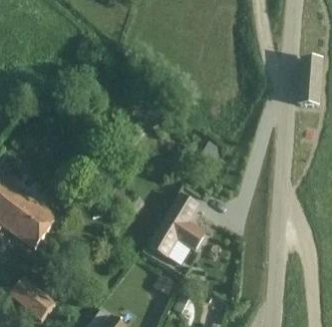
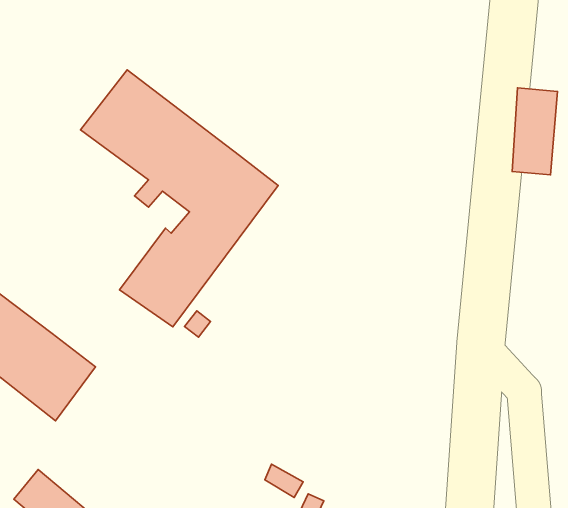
building: none -> [81,70,278,327]
building: [148,193,203,255] -> none

